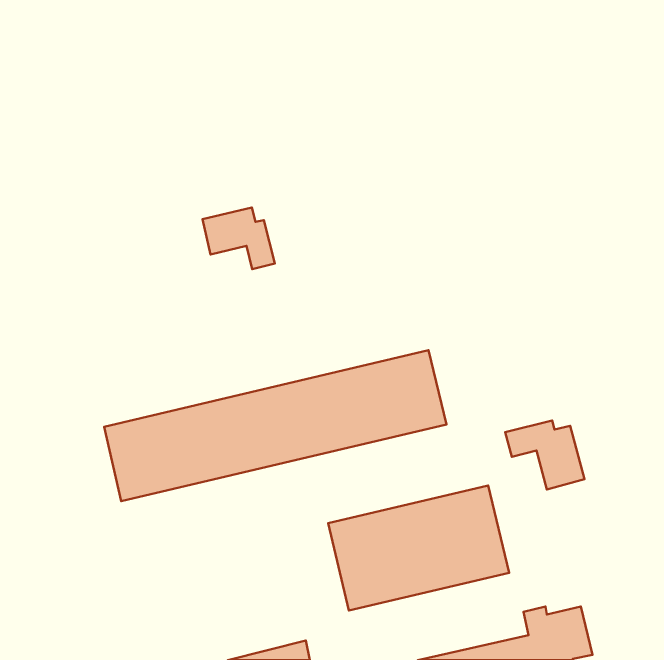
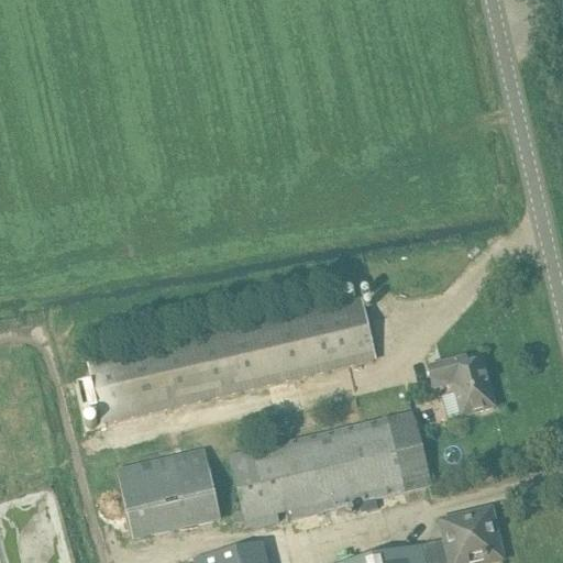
building: [202,207,275,269] -> none
building: none -> [231,442,296,527]
building: none -> [119,448,222,539]

